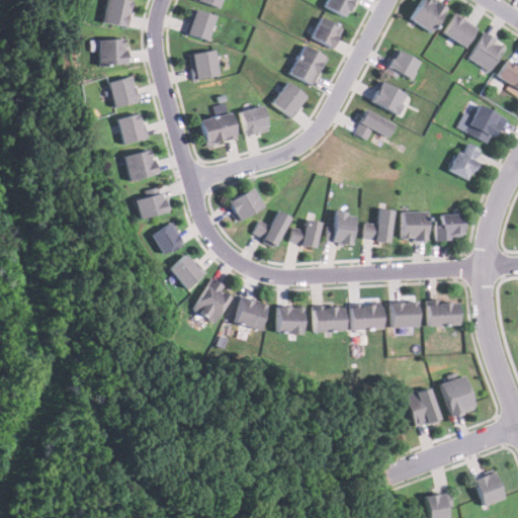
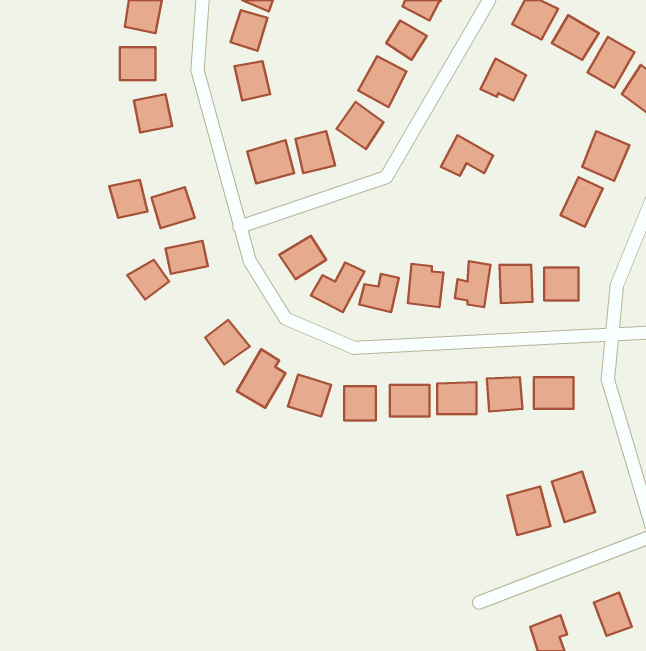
building: [370,78,408,116] -> none
building: [118,112,149,143] -> [109,180,148,218]
building: [148,223,181,254] -> [127,260,169,299]

